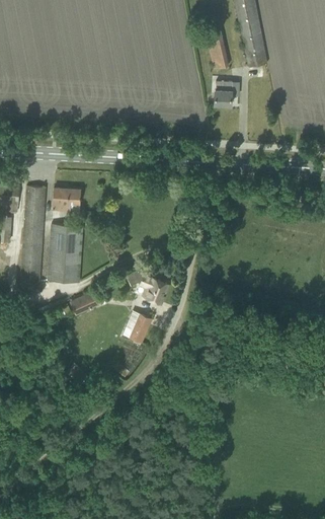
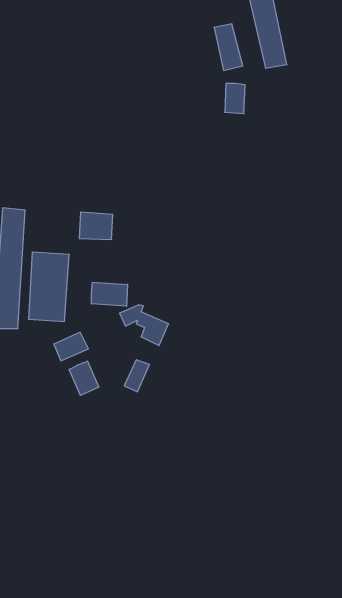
building: [53,188,81,211] -> [79,212,113,240]
building: none -> [91,282,127,306]
building: none -> [69,361,99,395]

